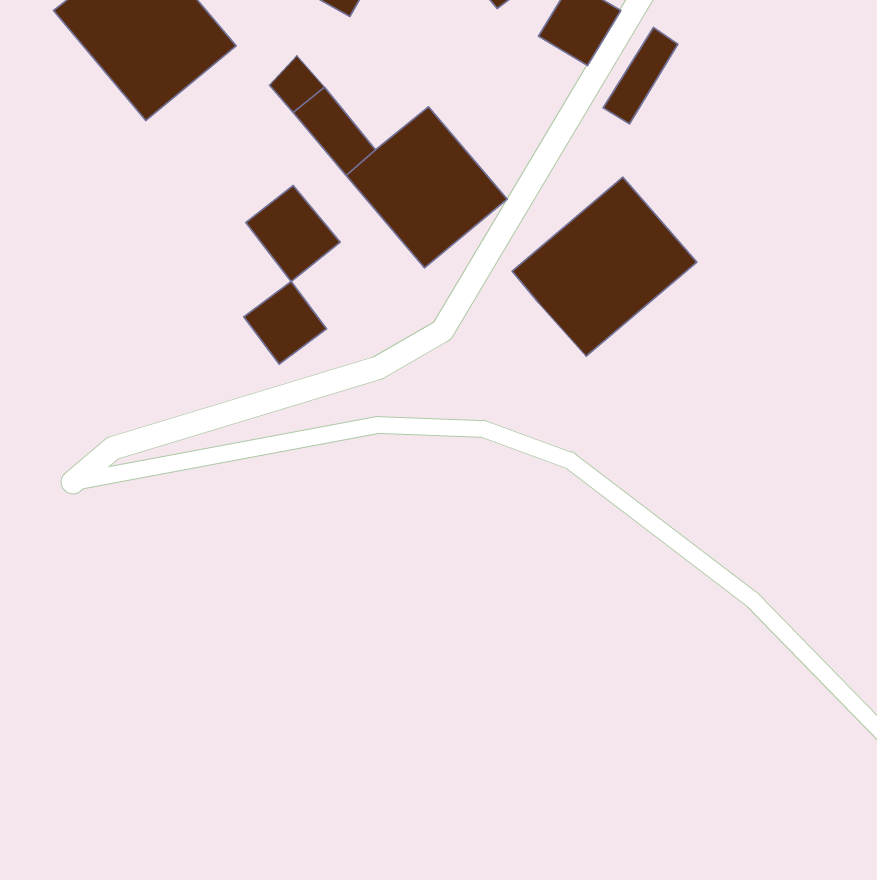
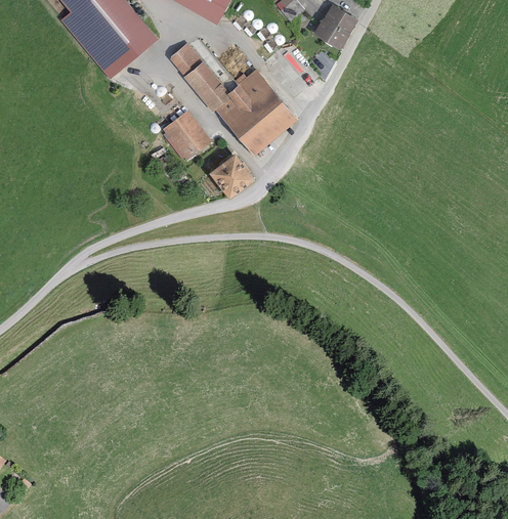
building: [603,28,678,124] -> none
building: [512,177,697,356] -> none
building: [244,282,326,364] -> [208,154,251,197]

